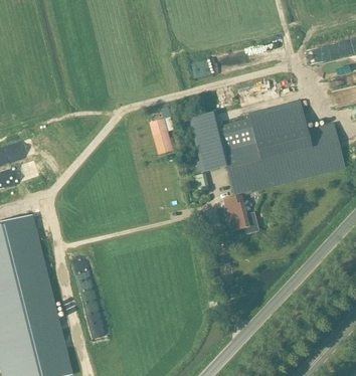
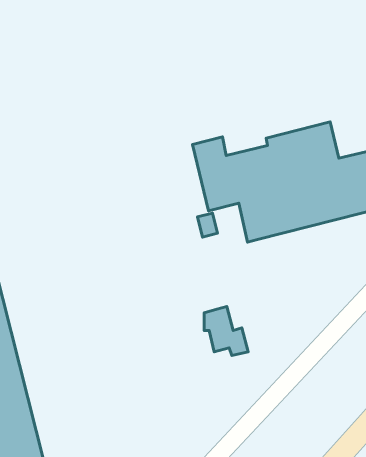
building: [149,119,172,155] -> none
building: [223,194,258,233] -> [204,307,248,355]

